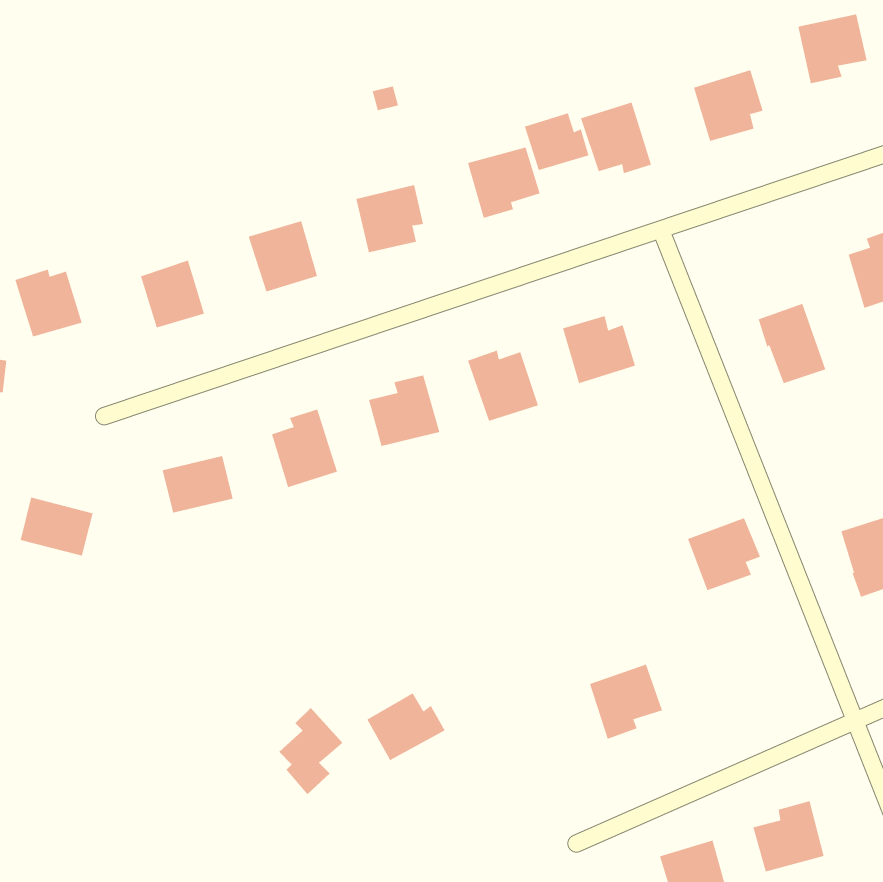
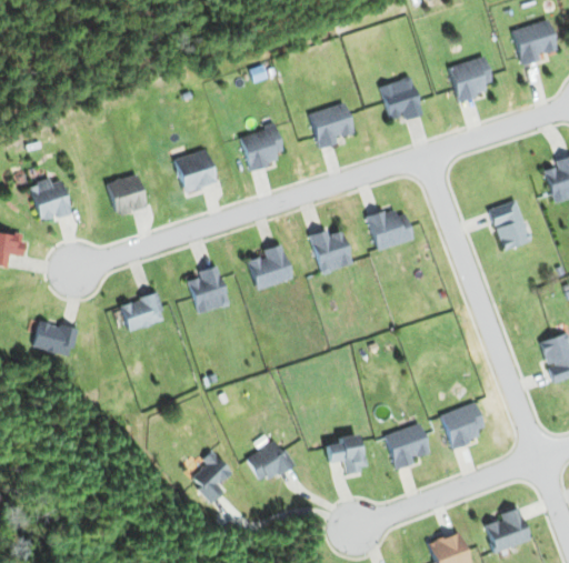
building: [524,112,589,171] -> none
building: [687,517,761,591] -> [440,402,486,448]
building: none -> [327,433,365,472]

